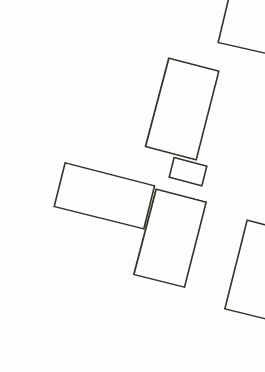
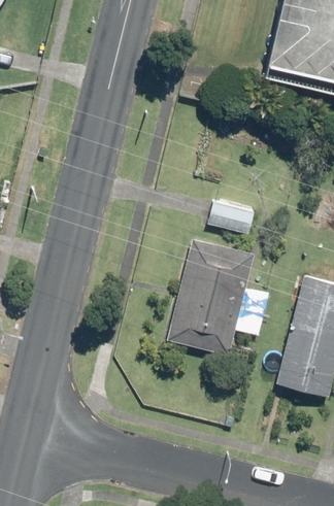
building: [146,58,219,160] -> none
building: [54,163,155,229] -> none

